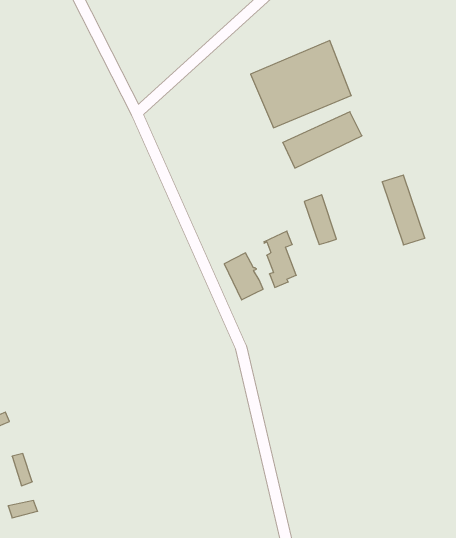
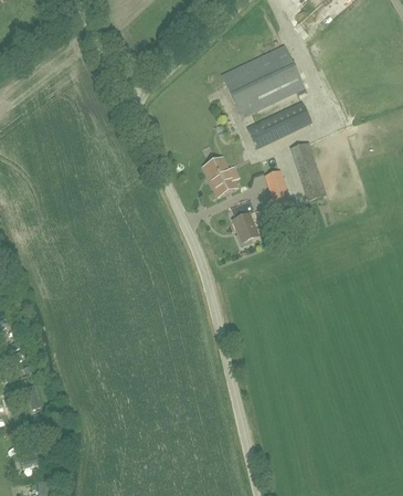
building: [382,175,425,245] -> [291,144,327,201]
building: [224,253,263,300] -> [204,158,236,197]

